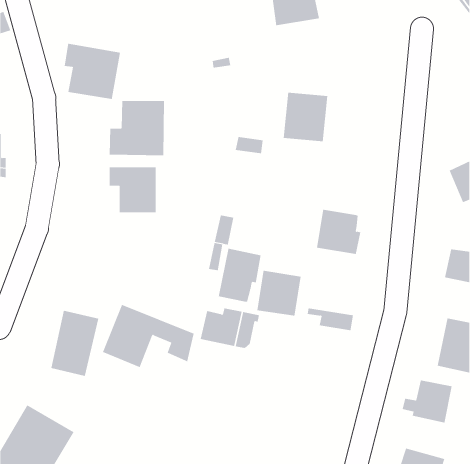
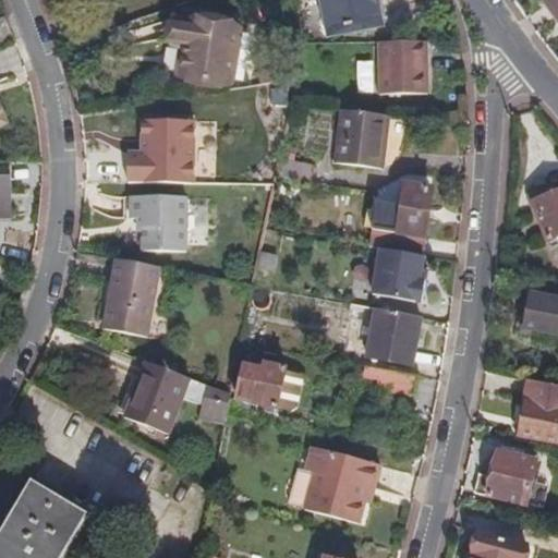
building: none -> [377,39,426,92]
building: [64,43,121,99] -> [171,15,239,82]
building: none -> [368,183,432,254]
building: [218,248,261,303] -> none
building: [256,270,302,316] -> [368,307,422,362]
building: [50,310,99,376] -> [102,257,160,336]
building: none -> [304,446,380,522]

